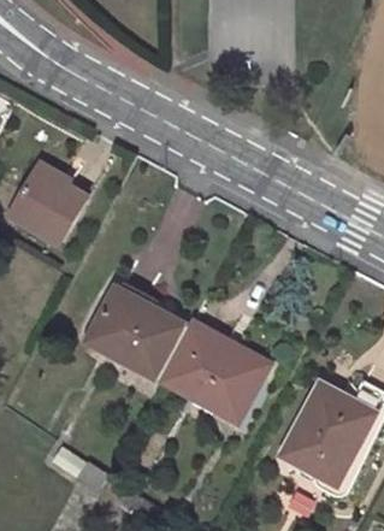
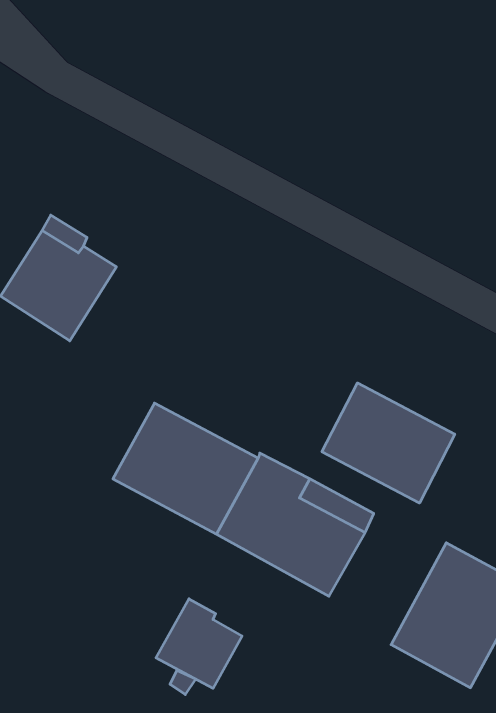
building: none -> [322,383,455,503]
building: none -> [156,599,242,688]

